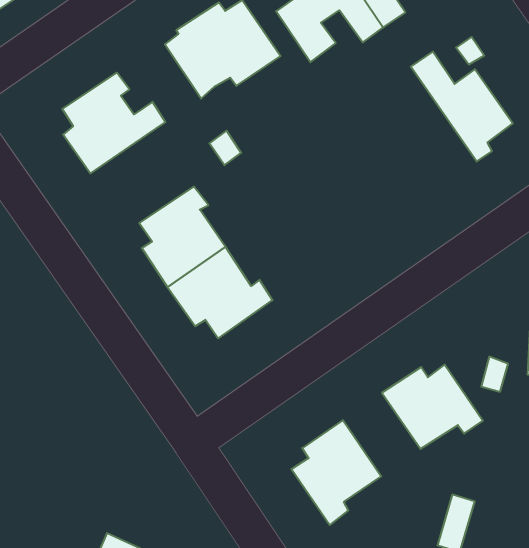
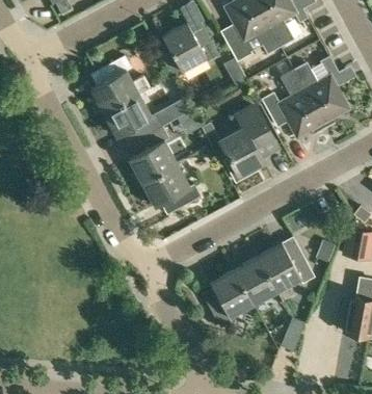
building: none -> [262,70,325,136]
building: none -> [104,94,162,143]
building: none -> [203,106,280,183]
building: none -> [234,255,276,303]

